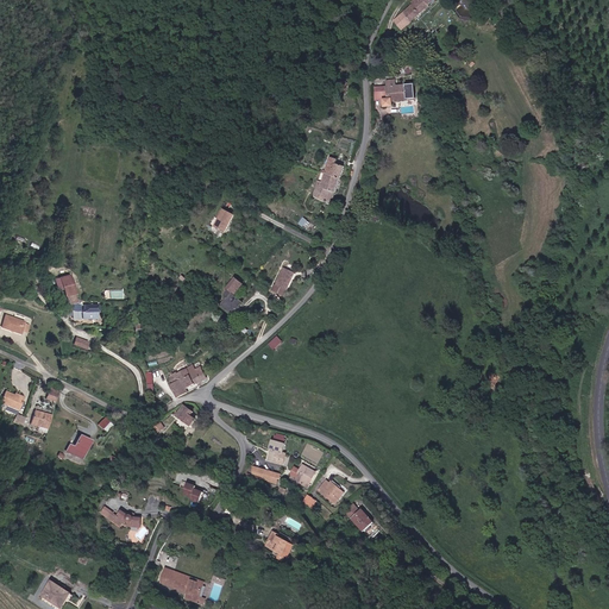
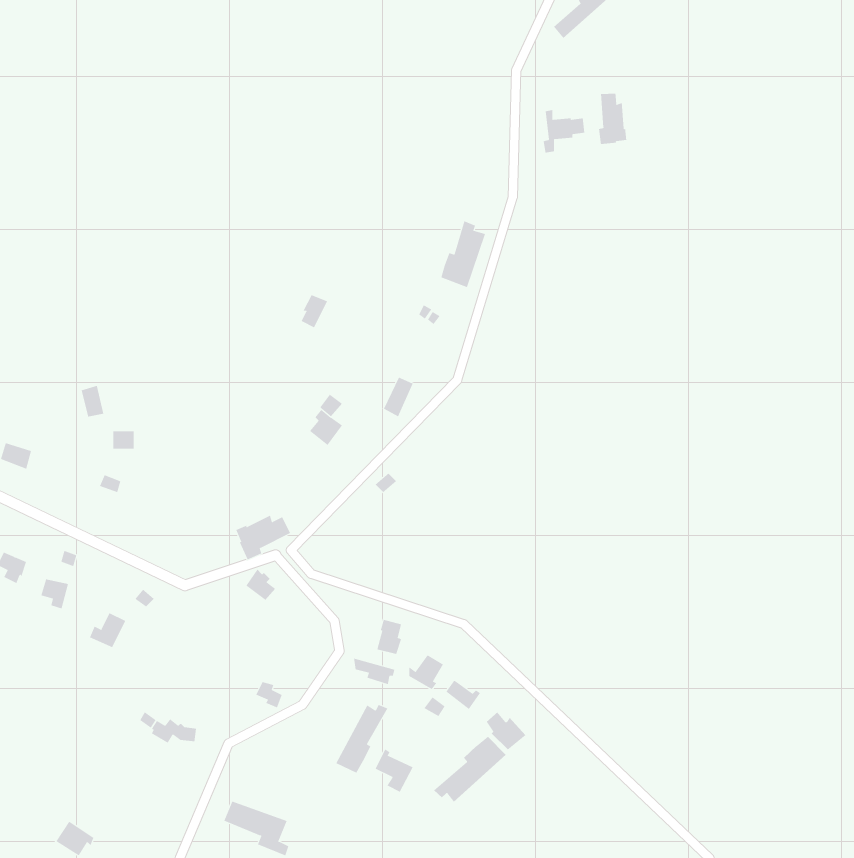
building: none -> [599,93,627,145]
building: none -> [336,704,388,774]
building: none -> [433,736,506,803]

